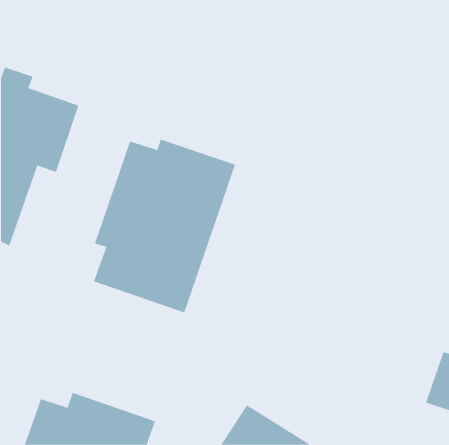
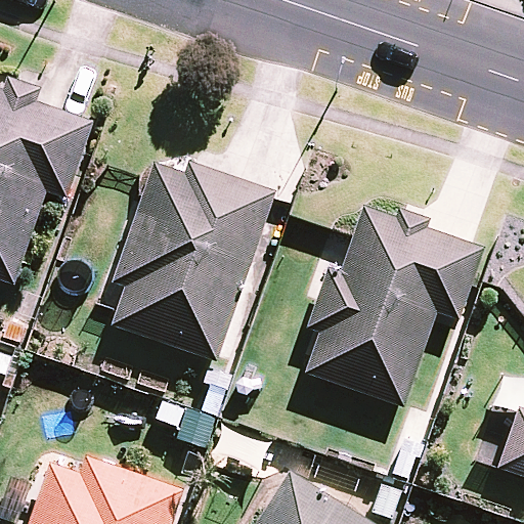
building: none -> [305,208,483,406]

